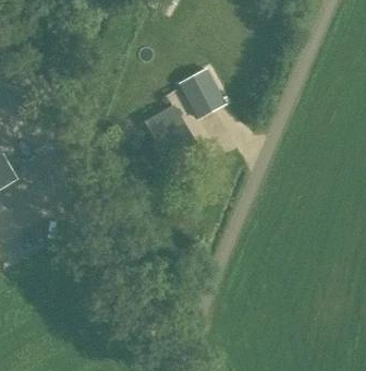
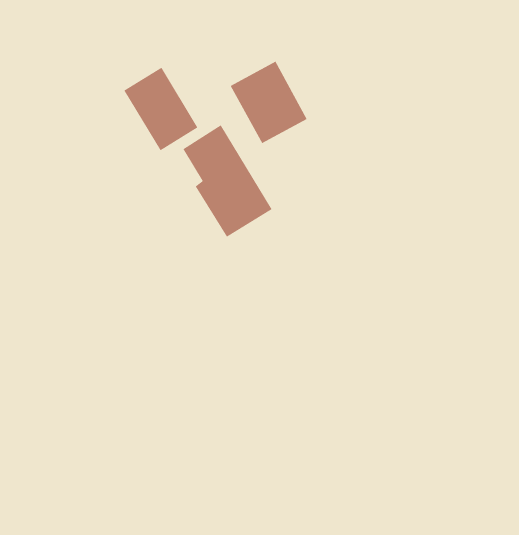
building: none -> [123,67,198,151]

